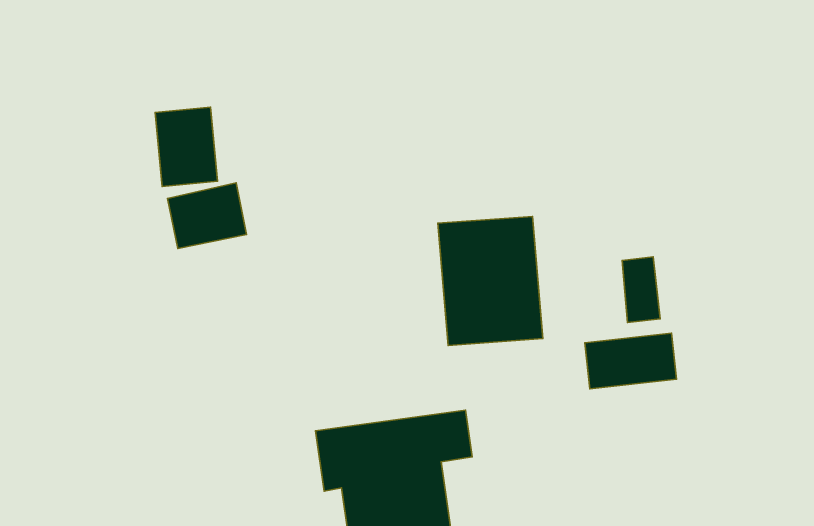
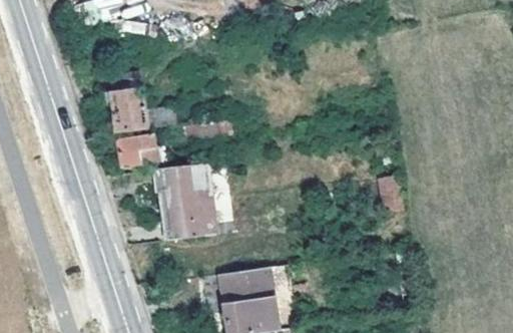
building: [438,216,543,346] -> [156,163,217,239]
building: [585,333,676,389] -> none

